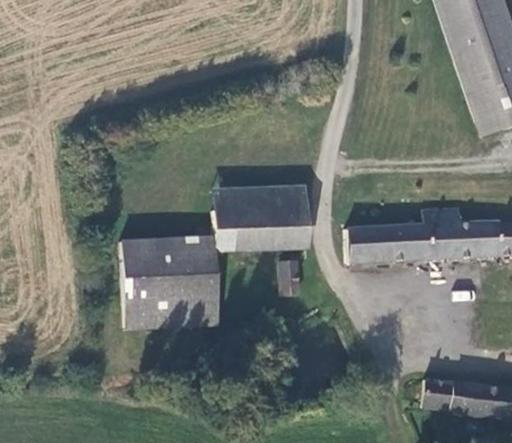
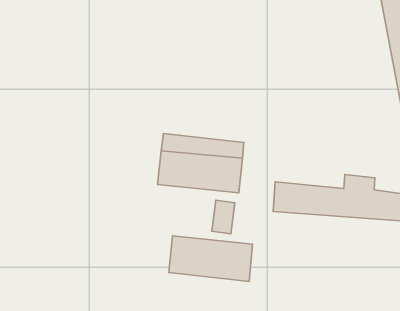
building: [124,248,217,327] -> none
building: none -> [169,236,253,281]

